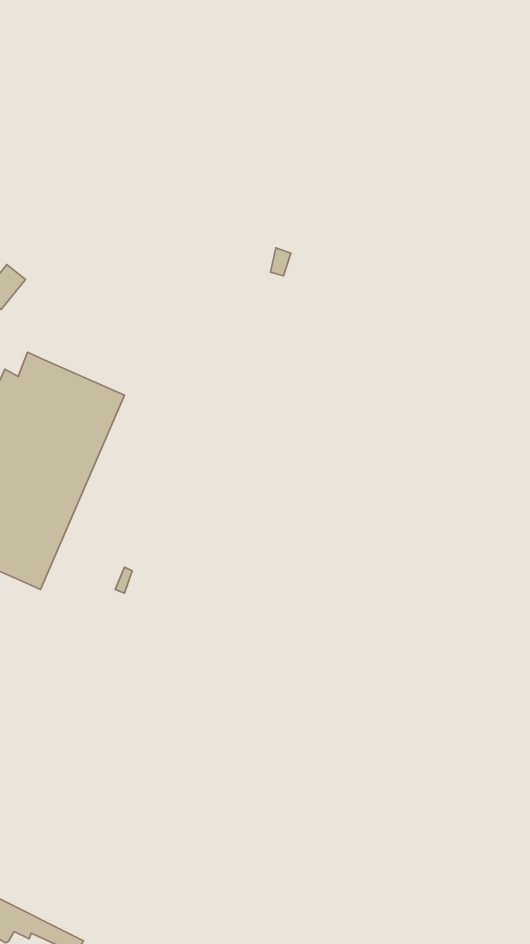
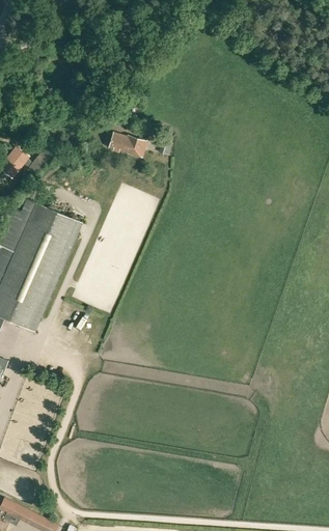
building: none -> [109,133,147,159]

